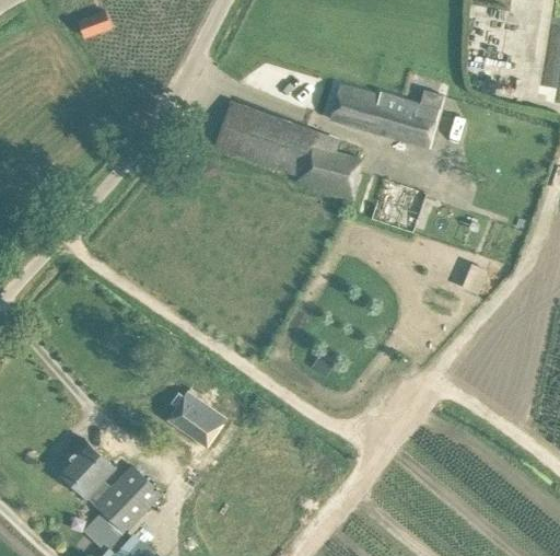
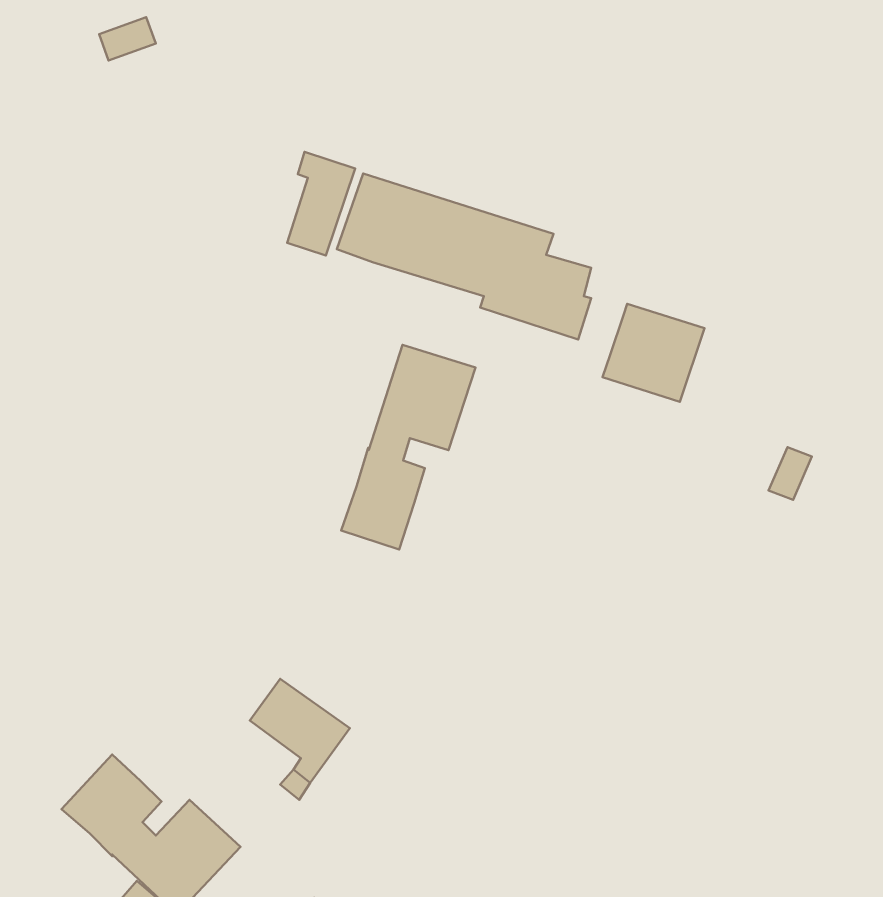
building: [328,85,441,148] -> none
building: none -> [287,152,355,255]
building: none -> [341,345,475,549]

